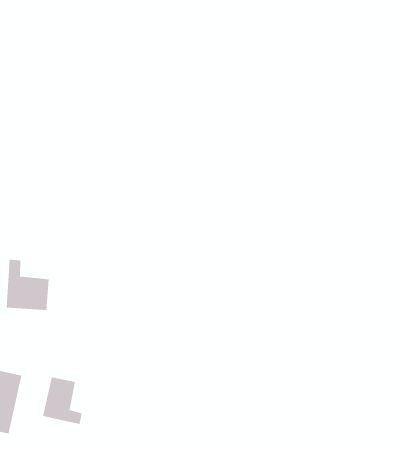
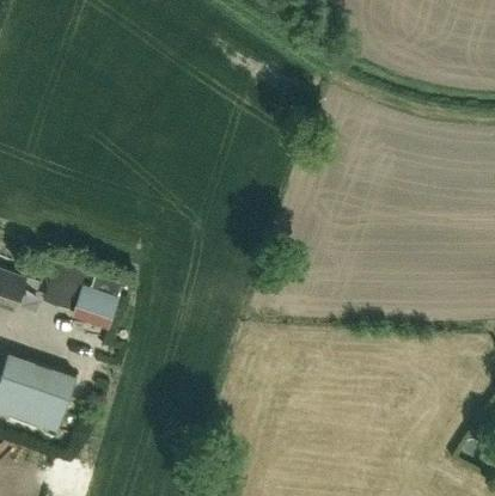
building: [43,377,82,425] -> none

